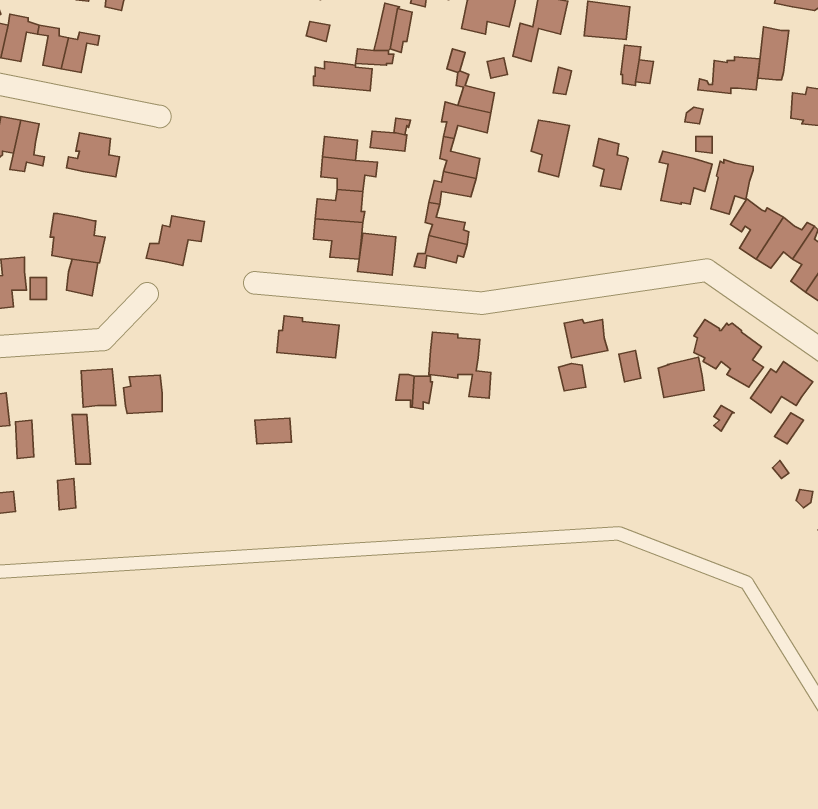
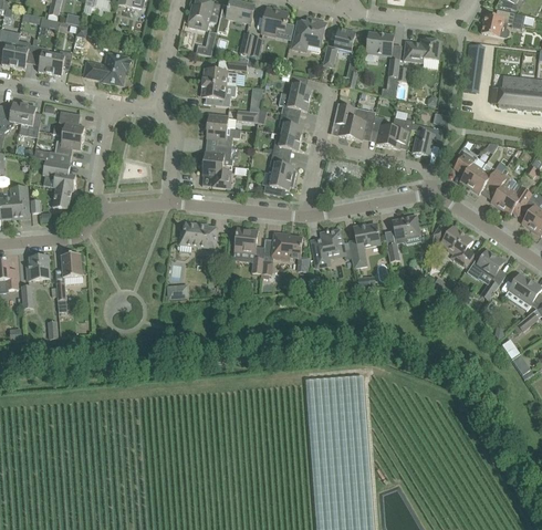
building: none -> [83,52,131,84]
building: [698,57,760,94] -> [403,39,440,61]
building: none -> [200,82,236,105]
building: none -> [350,106,375,139]
building: [711,159,753,214] -> [387,115,413,148]
building: [146,216,205,265] -> [46,134,82,164]
building: [357,233,396,275] -> [233,227,257,252]
building: none -> [311,229,344,267]
building: [658,357,704,397] -> [392,214,419,238]
building: [124,375,162,413] -> [25,256,49,279]

